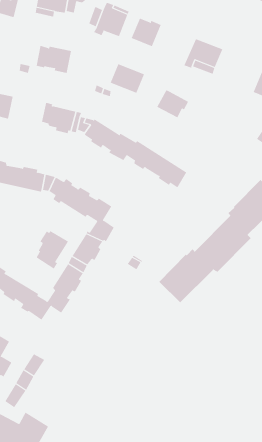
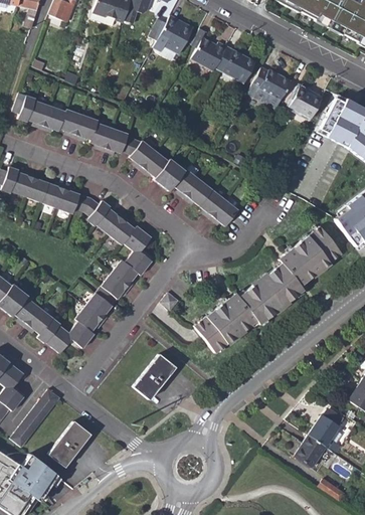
building: [36,45,72,74] -> [50,107,92,141]
building: none -> [289,88,322,119]
building: [110,63,145,94] -> [216,46,255,81]
building: [156,89,189,118] -> none
building: [36,230,69,270] -> none
building: none -> [133,354,175,399]
building: none -> [48,420,89,466]

